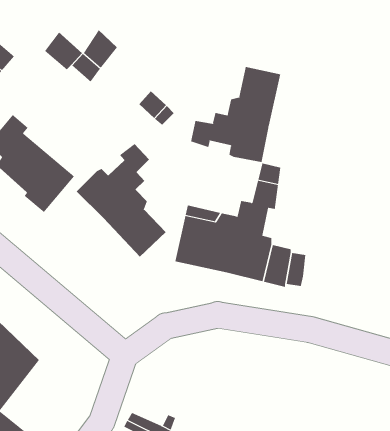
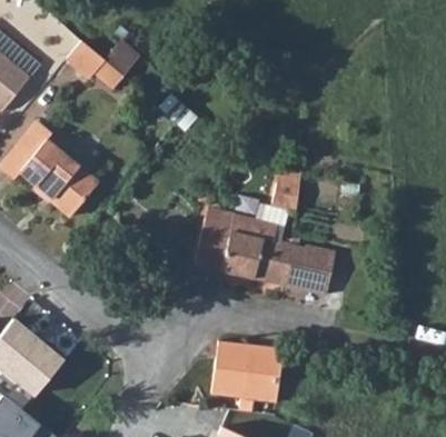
building: [190,66,281,163] -> none
building: [76,143,166,257] -> none
building: none -> [211,341,283,403]

